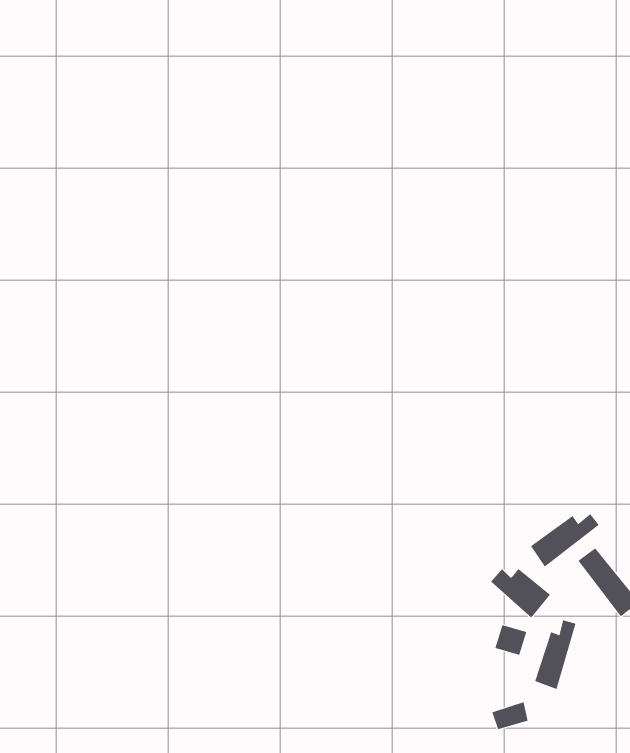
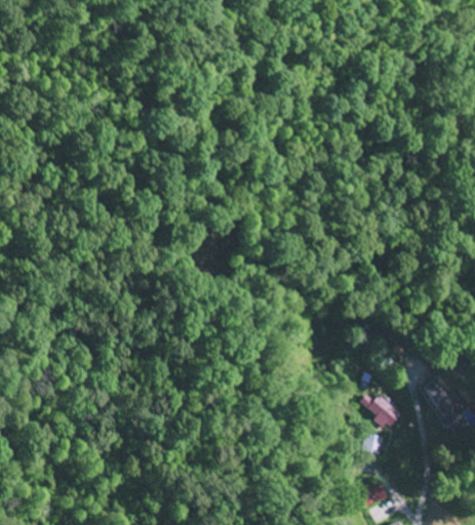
building: [530,513,600,568] -> none
building: [535,619,576,690] -> none

